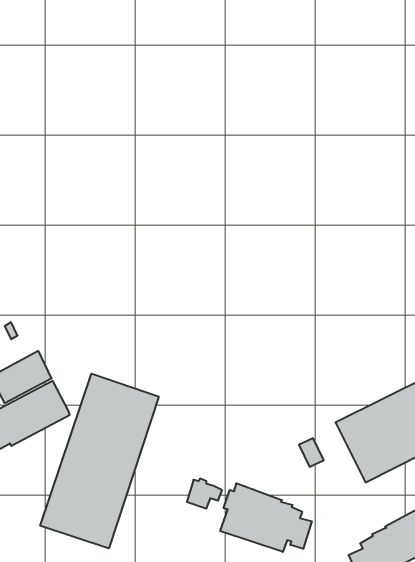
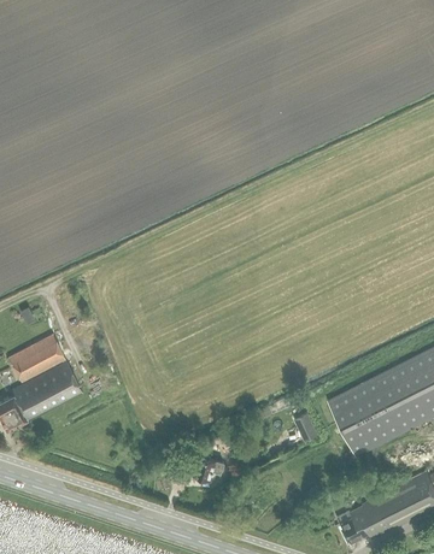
building: [40,374,159,548] -> none
building: [220,483,312,552] -> none

